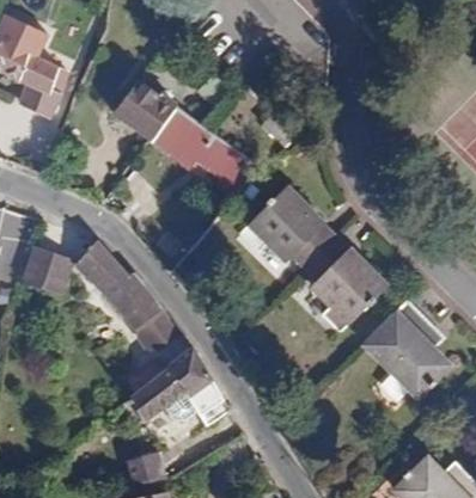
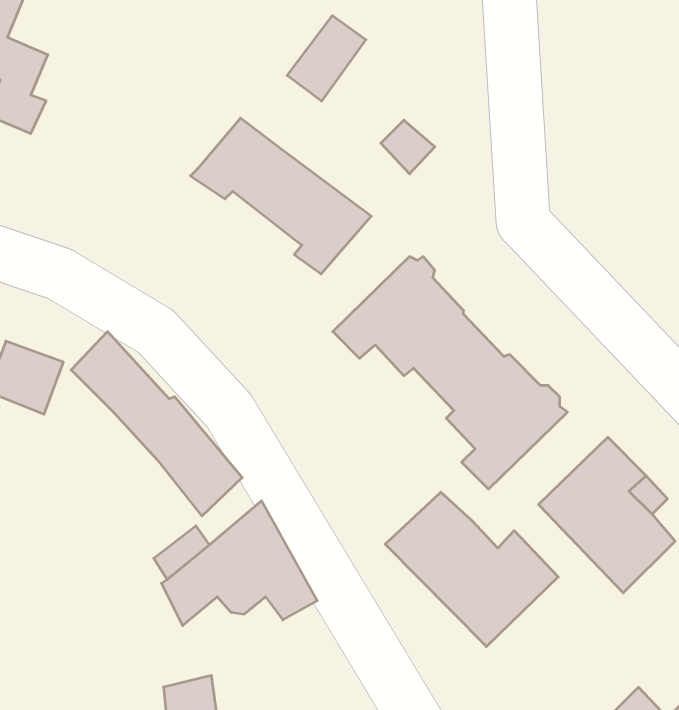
building: none -> [287,16,366,101]
building: [117,79,178,137] -> none
building: none -> [385,492,558,647]

